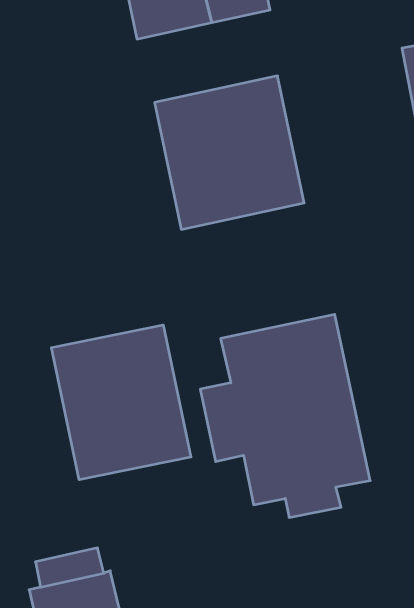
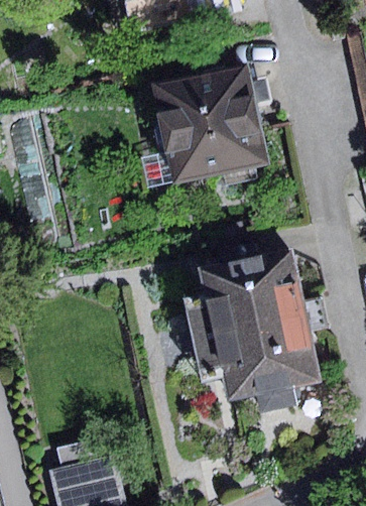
building: [51,325,191,480] -> none

